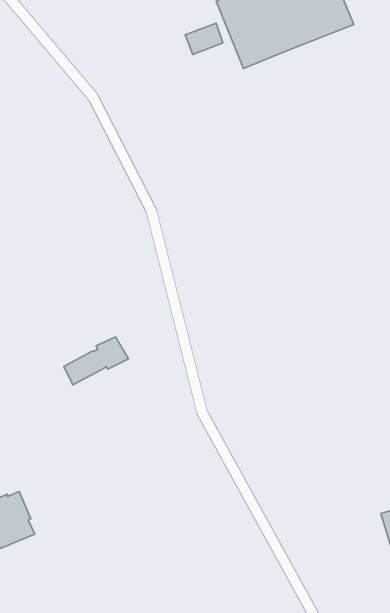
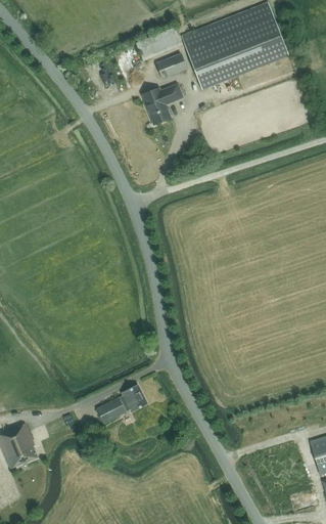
building: none -> [141,84,181,124]
building: [64,337,129,385] -> [95,385,146,423]

